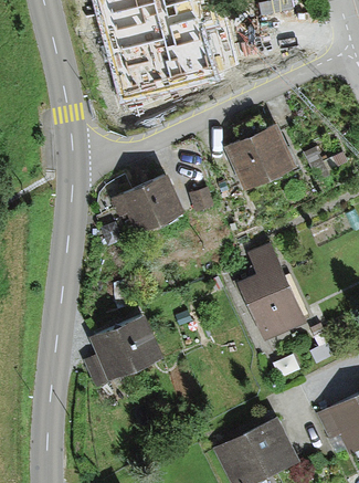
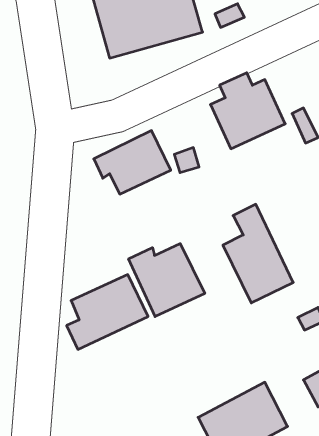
building: none -> [129,244,205,317]

